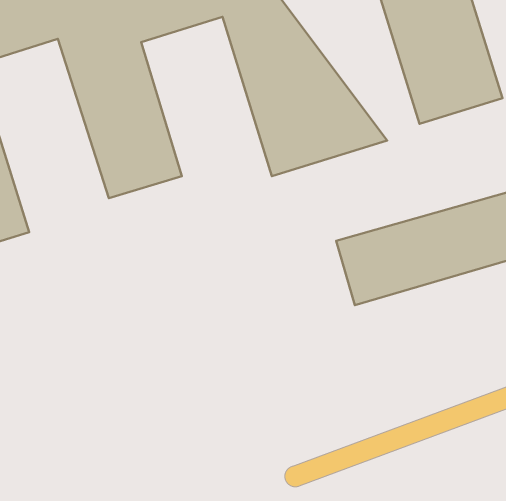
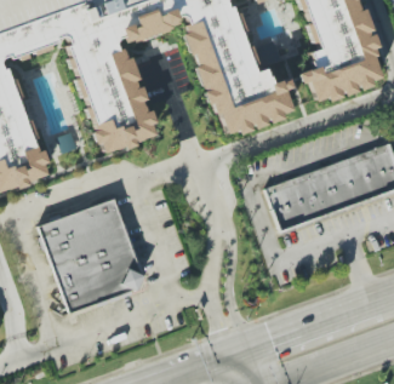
building: none -> [36,193,141,306]

